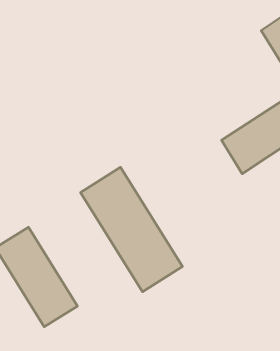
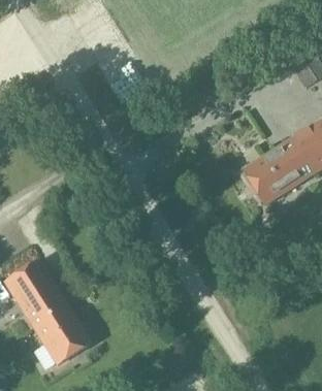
building: [80,167,182,292] -> none

